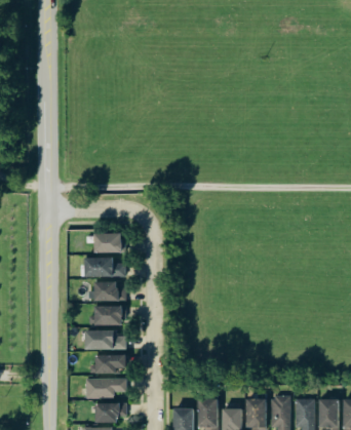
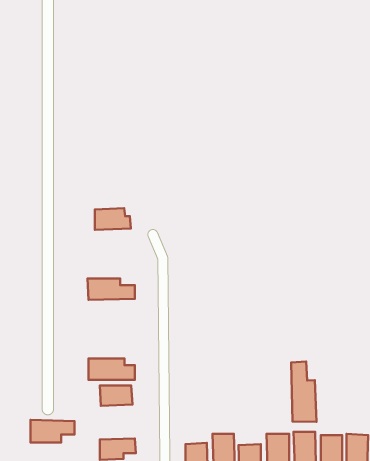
building: [93,232,126,251] -> [95,208,131,230]
building: [89,281,126,301] -> none
building: [89,305,125,324] -> none
building: none -> [291,362,317,422]
building: [86,378,126,398] -> [31,420,75,442]

